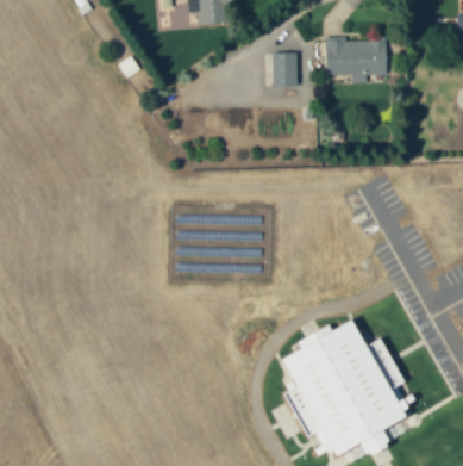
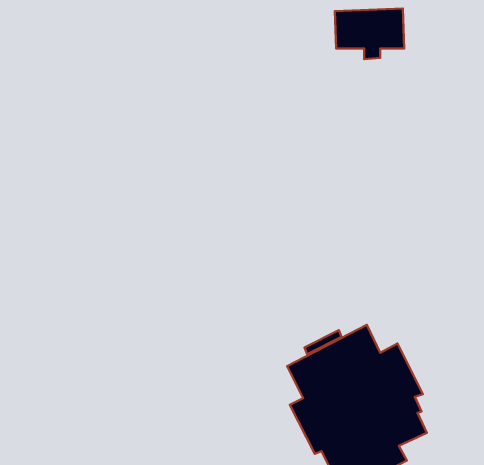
building: [273,52,298,86] -> none

